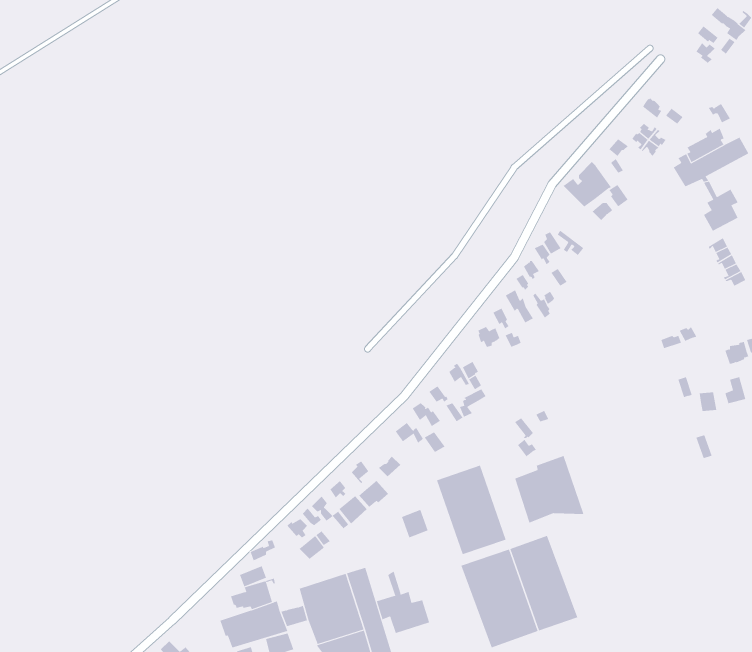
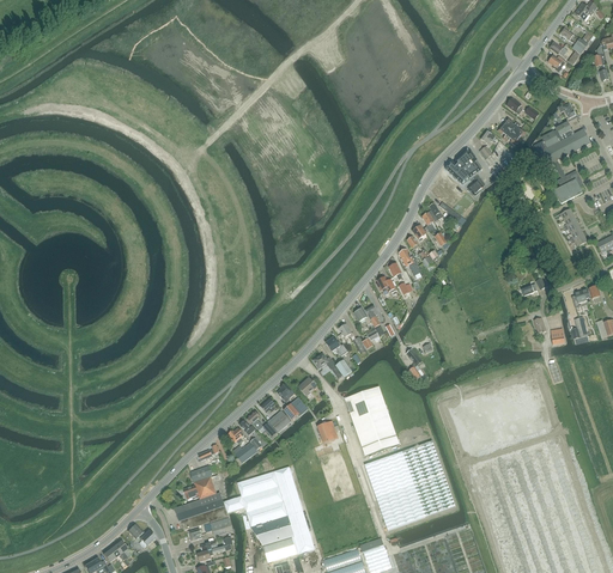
building: [514,455,585,523] -> none
building: [376,570,430,634] -> none

